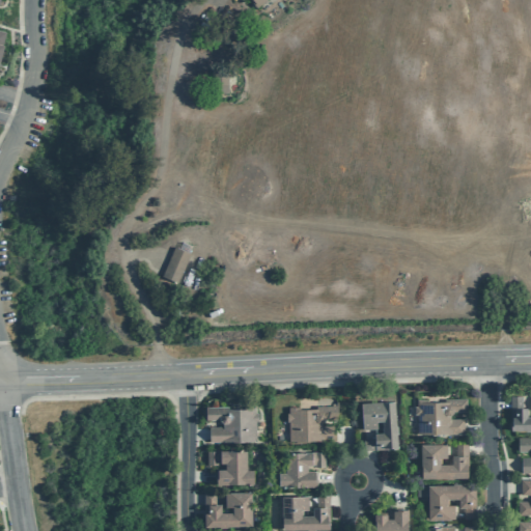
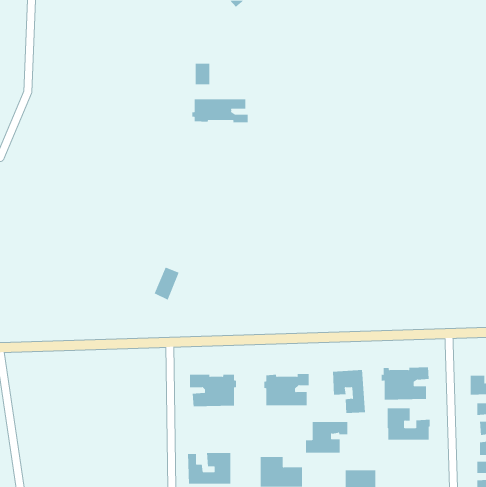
building: none -> [192,98,248,123]
building: [164,248,192,284] -> [154,267,180,300]
building: [208,451,255,485] -> none
building: [280,453,327,487] -> [305,422,348,453]
building: [429,485,477,521] -> none

